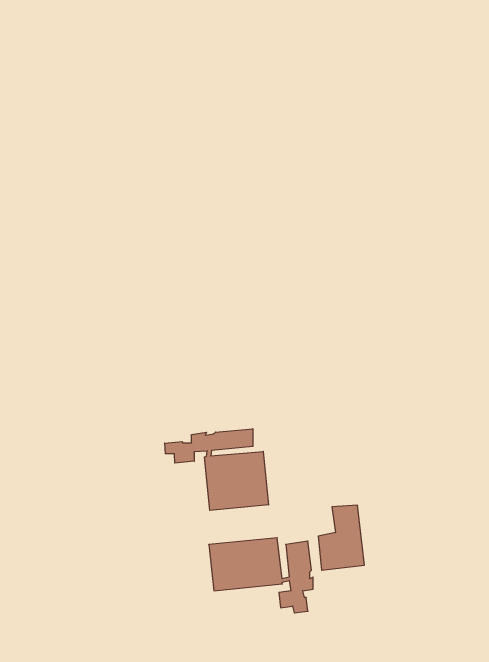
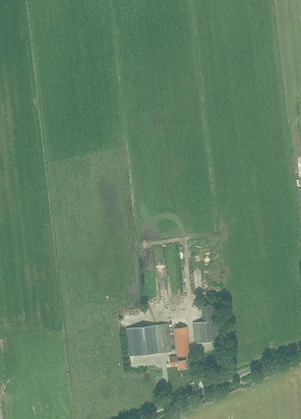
building: [165,429,269,510] -> none

